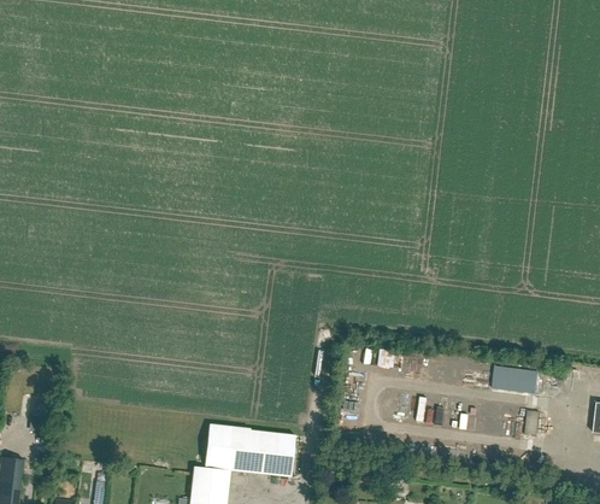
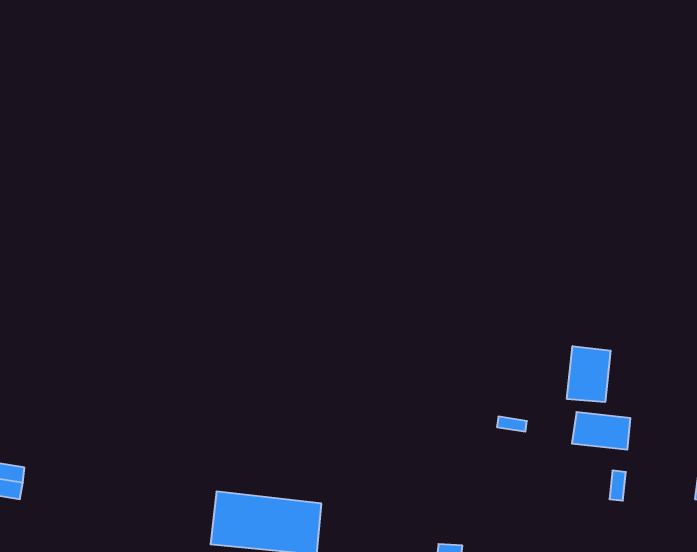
building: none -> [567,346,611,402]

